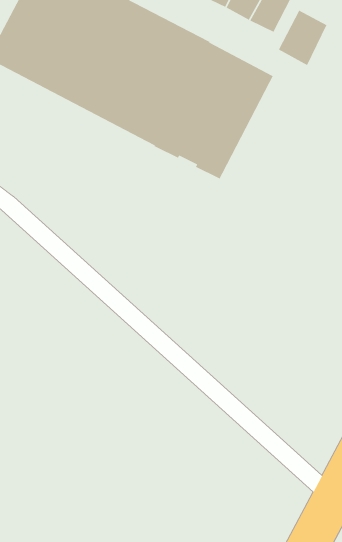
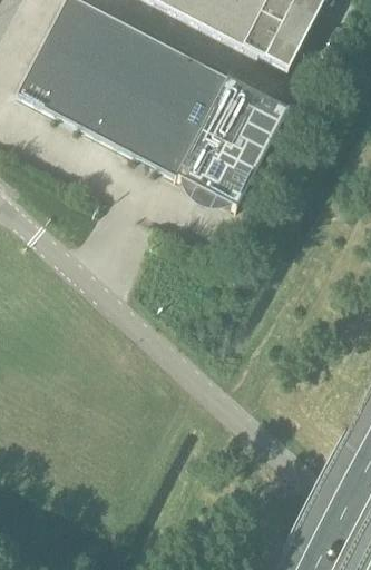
building: [278,9,327,66] -> none

